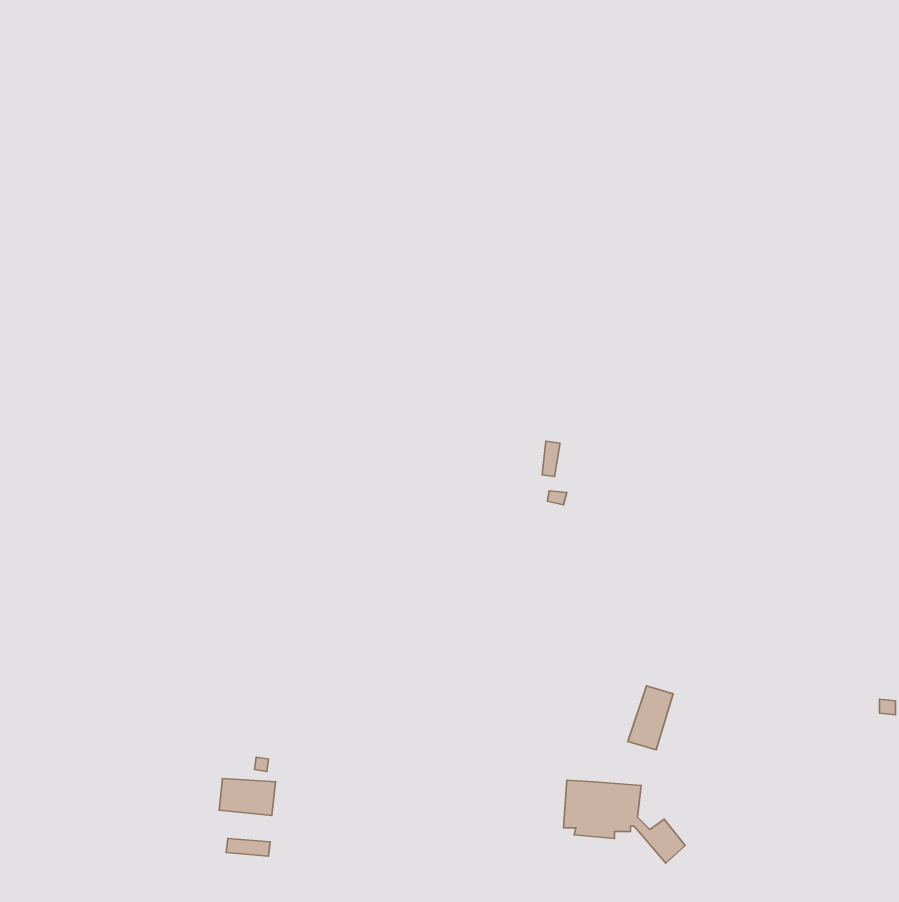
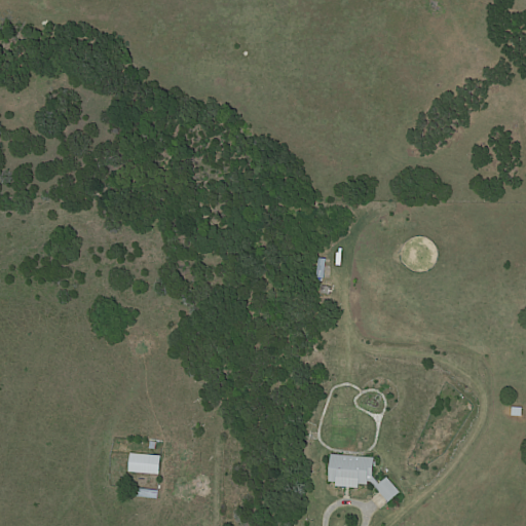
building: [628,686,673,750] -> none

